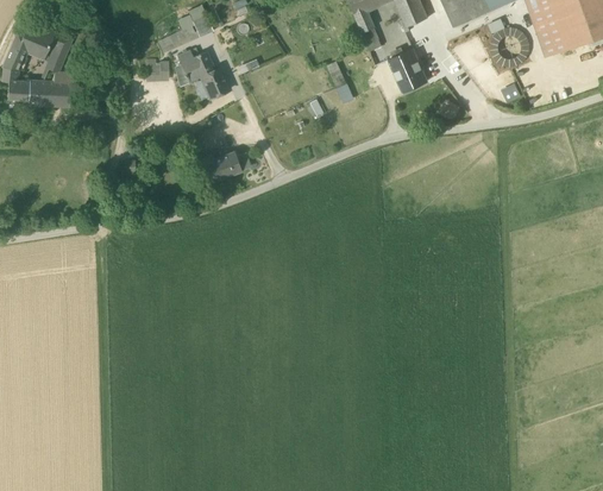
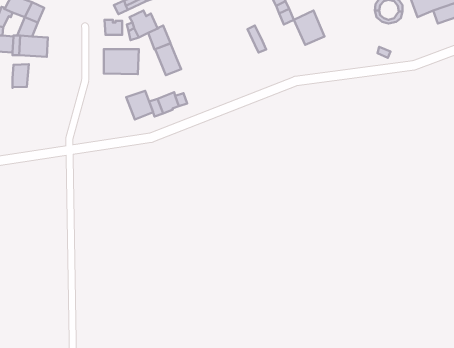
building: none -> [155,43,181,75]
building: none -> [104,49,139,74]
building: none -> [12,64,29,88]
building: none -> [126,91,153,119]

